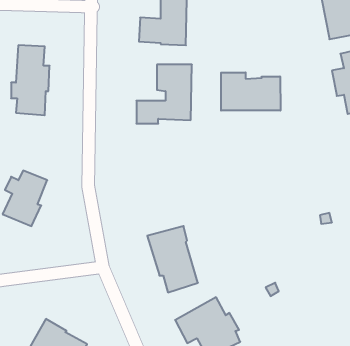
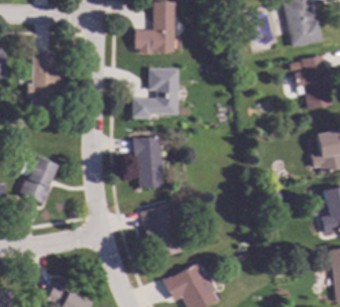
building: [221,72,280,111] -> none
building: none -> [133,136,163,188]

